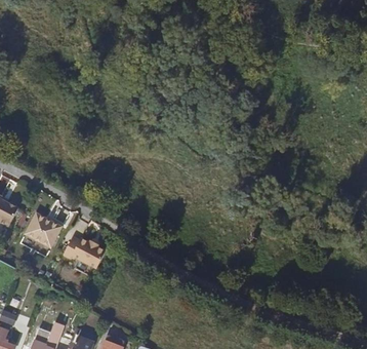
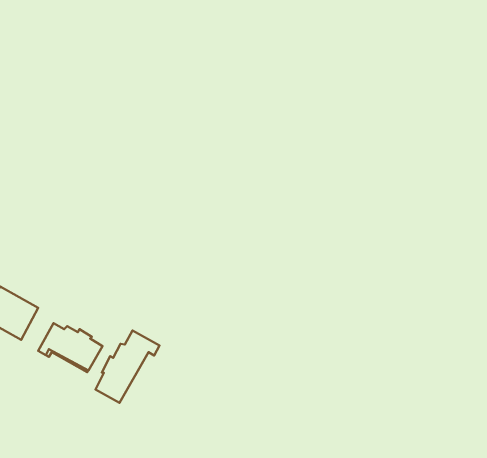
building: none -> [96,330,160,403]

